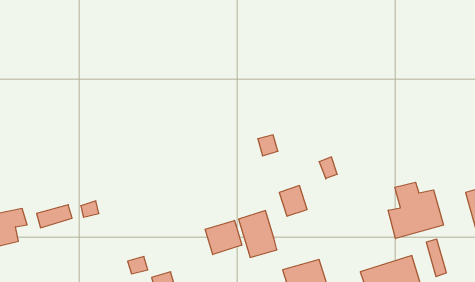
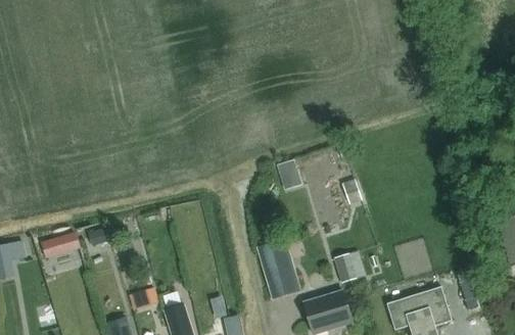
building: [388,182,444,239] -> none
building: [279,186,307,216] -> [335,249,365,282]
building: [205,220,242,255] -> none

